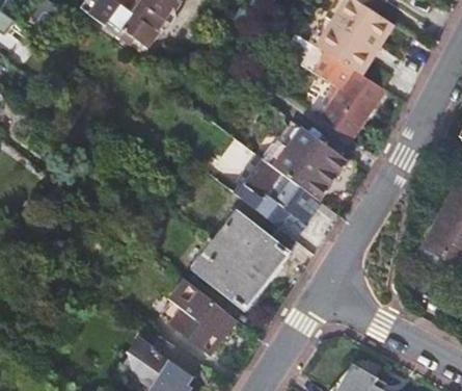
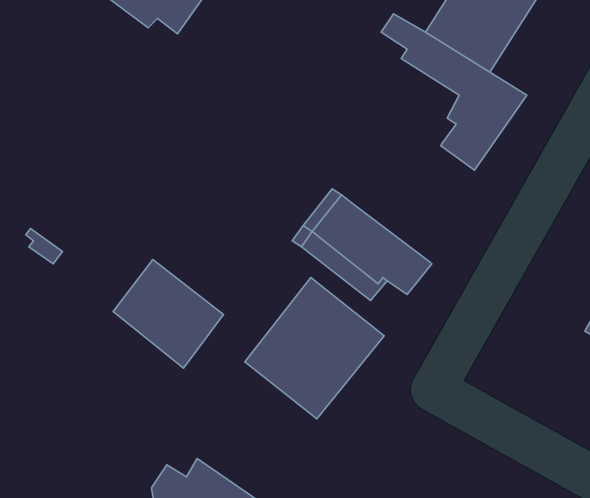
building: [268,129,349,202] -> none
building: [160,280,235,354] -> [113,259,223,368]

